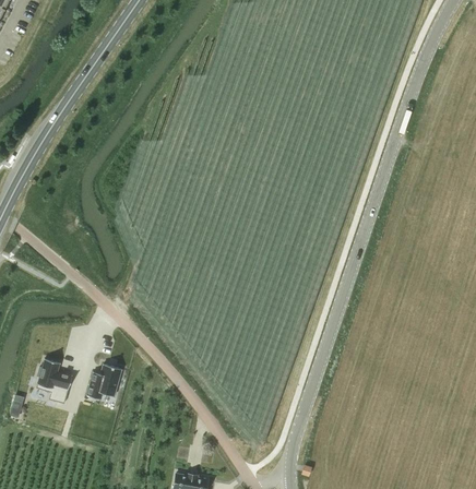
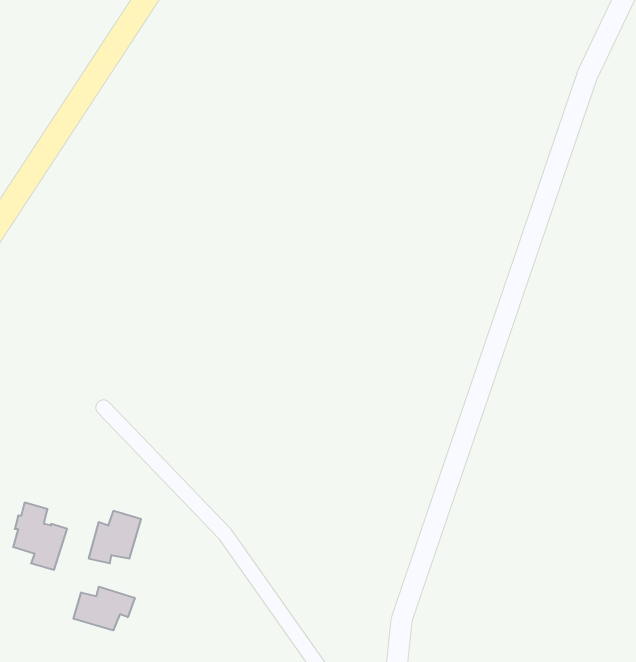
building: none -> [74,587,135,630]

